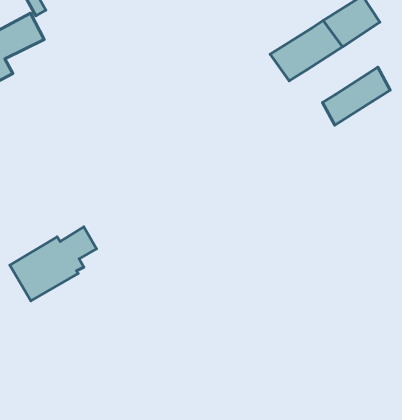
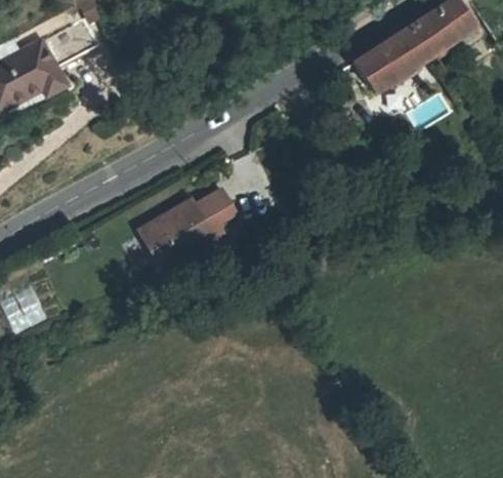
building: [323,67,390,125] -> none
building: [10,227,97,301] -> [139,187,237,270]

